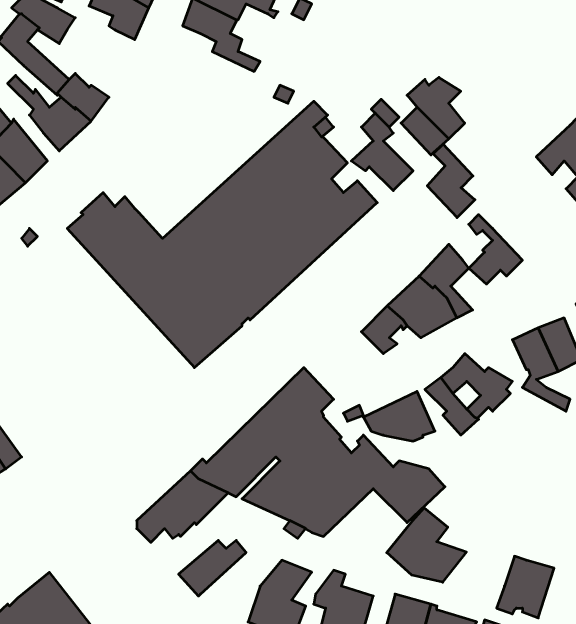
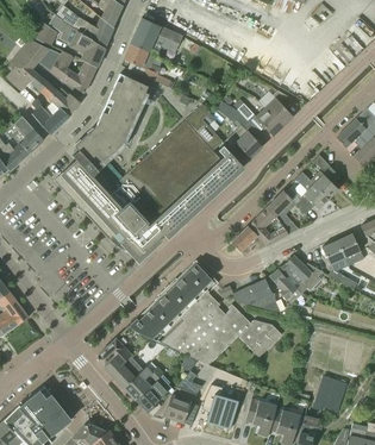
building: none -> [50,50,95,93]
building: none -> [71,73,148,168]
building: [427,144,475,218] -> [310,155,338,199]
building: [387,508,466,582] -> none
building: none -> [105,356,145,387]
building: none -> [135,374,170,412]

